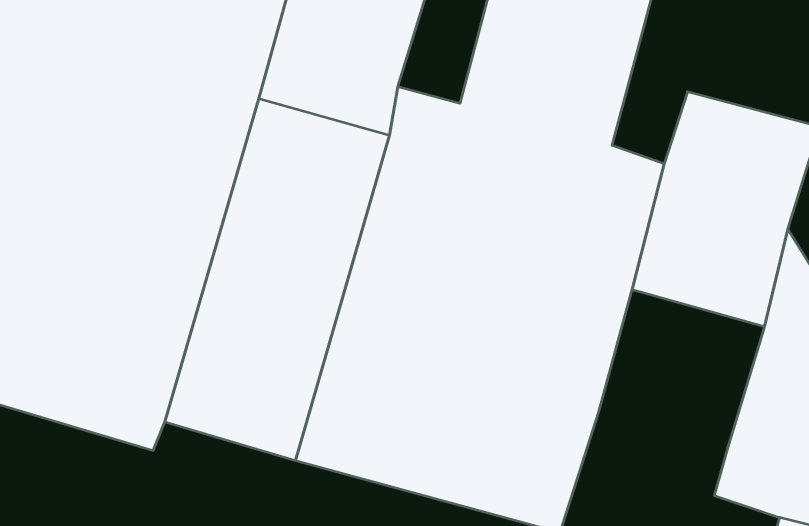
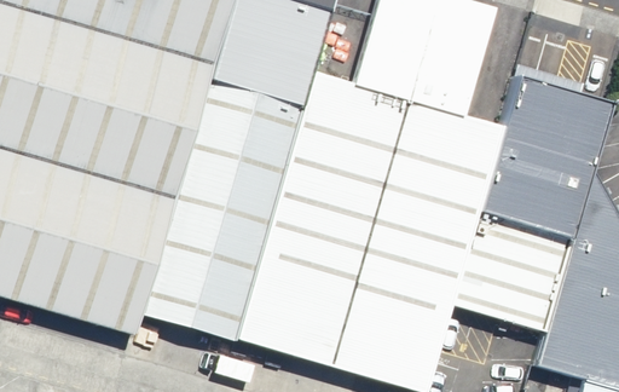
building: none -> [447,217,567,330]

